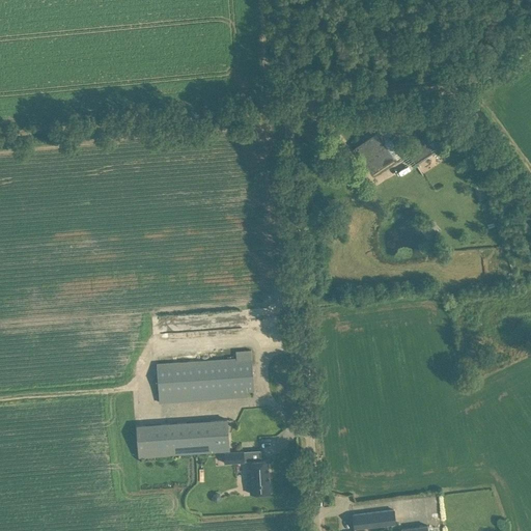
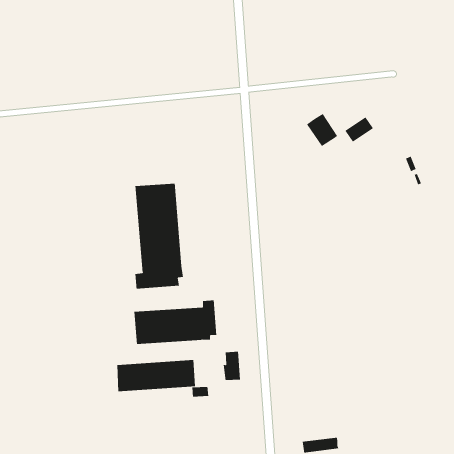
building: none -> [135,183,184,289]
building: [248,460,269,495] -> [223,351,241,381]

